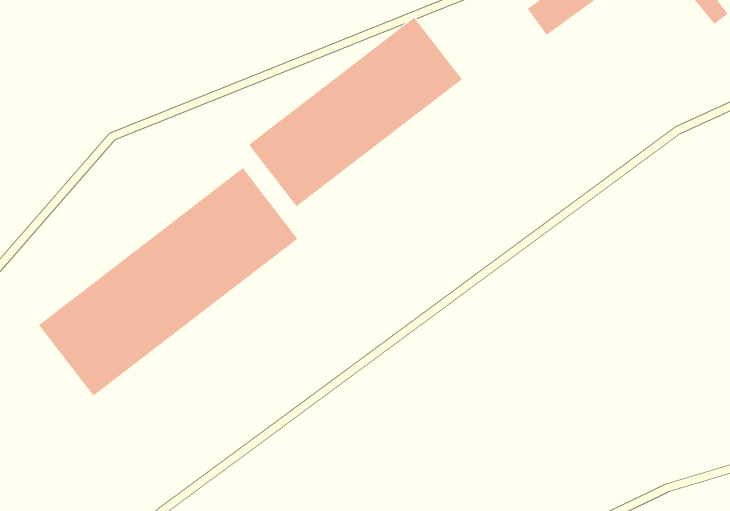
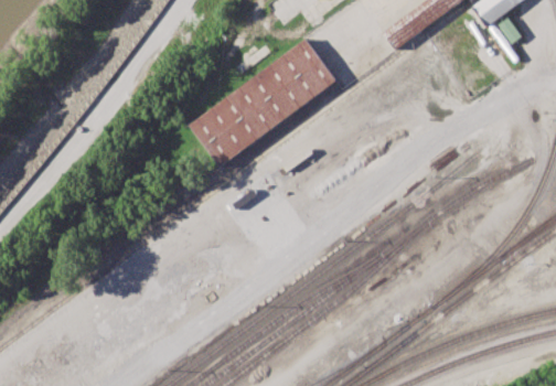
building: [38,167,298,397] -> none

